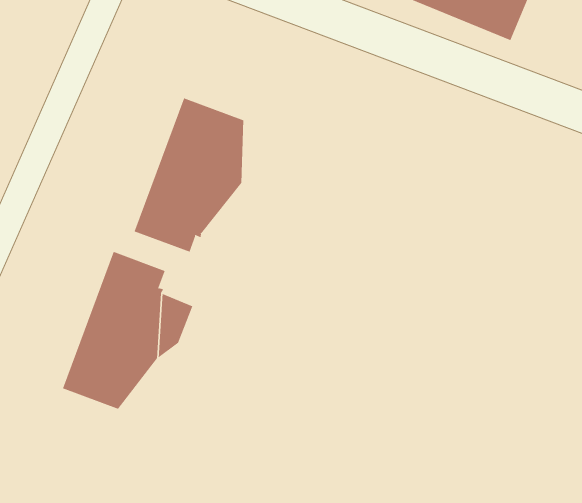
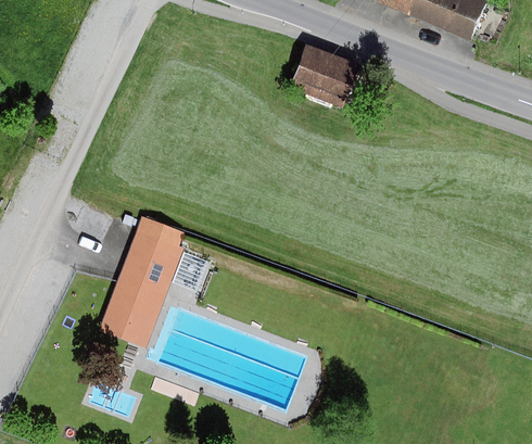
building: none -> [282,42,353,107]
building: [134,97,244,253] -> none

